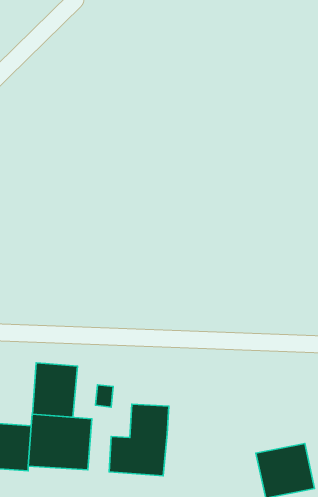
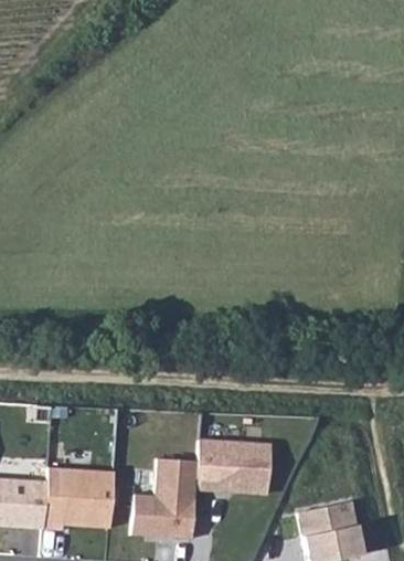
building: [32,363,77,417] -> none
building: none -> [198,436,274,495]

